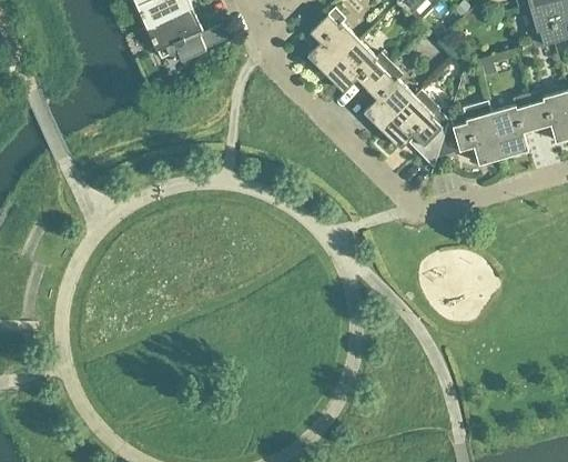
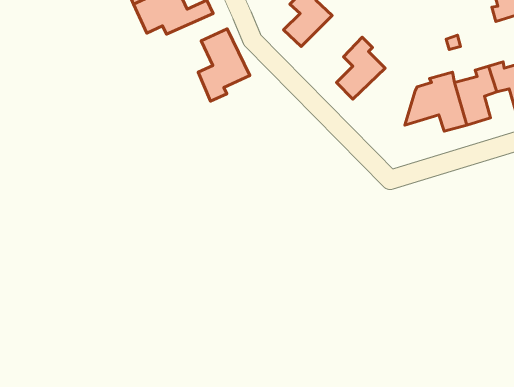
building: [326,40,392,92] -> none
building: none -> [198,29,250,101]
building: [382,91,448,168] -> none

